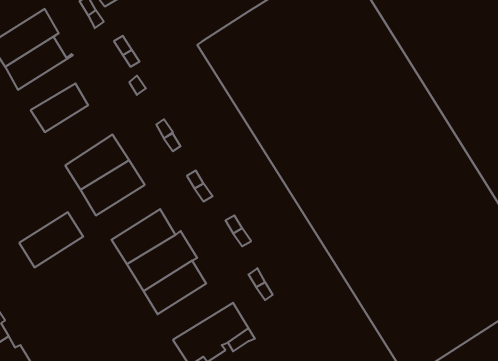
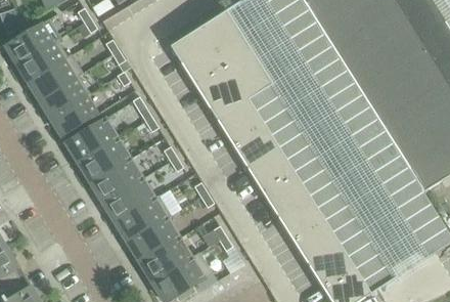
building: none -> [28,53,82,97]
building: none -> [49,93,96,134]
building: [19,212,83,267] -> [90,157,141,201]
building: none -> [139,235,190,279]

